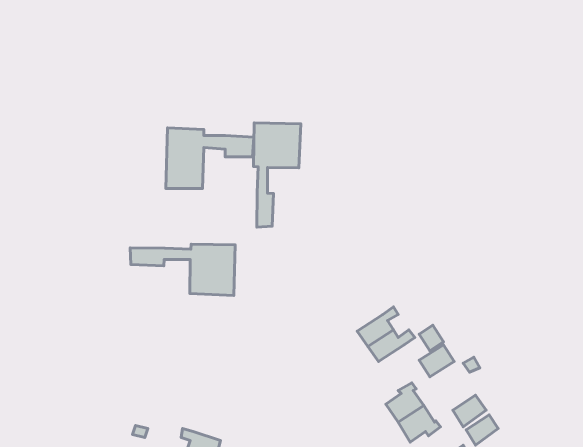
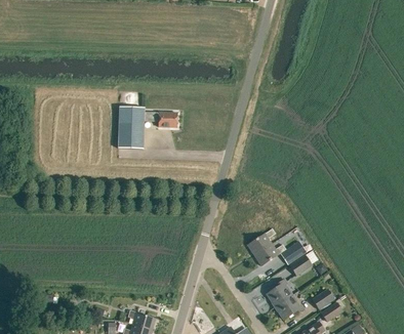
building: [254,123,301,227] -> none
building: [130,244,235,295] -> none

